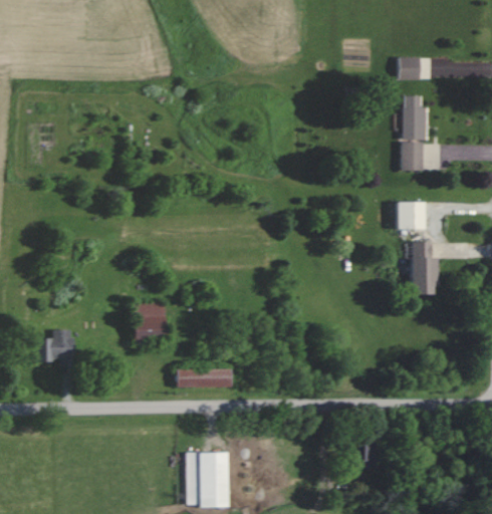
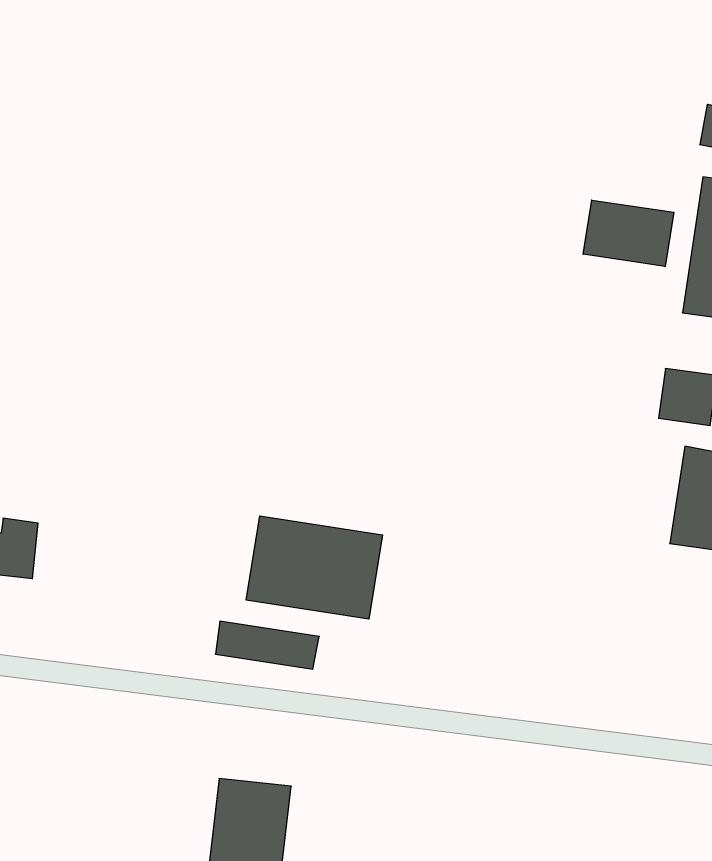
building: none -> [583,200,674,267]
building: [133,301,166,338] -> none
building: none -> [246,516,383,619]

